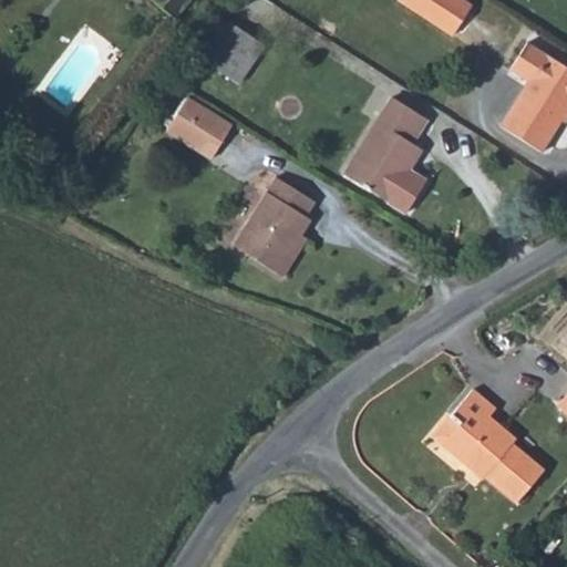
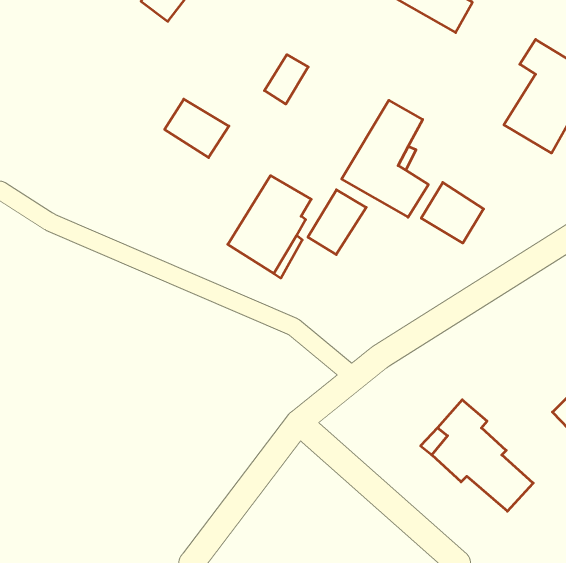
building: [216,33,259,82] -> [264,55,308,104]
building: none -> [421,182,484,243]
building: none -> [308,190,366,255]

